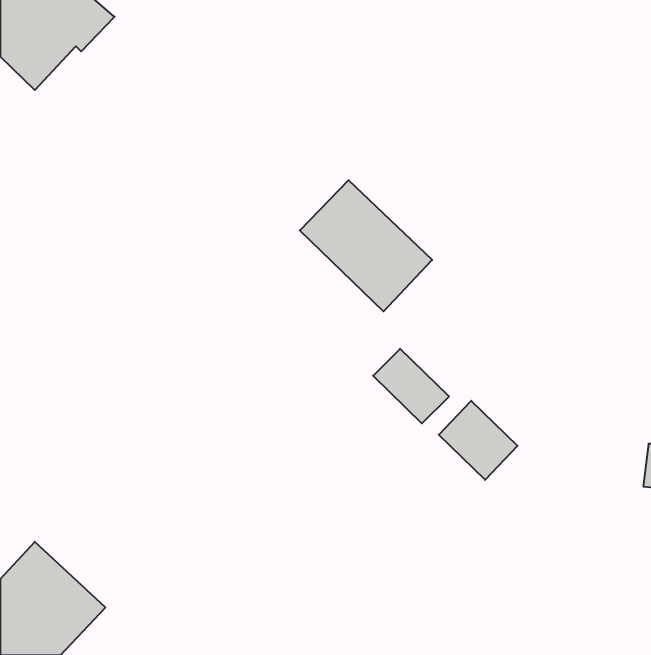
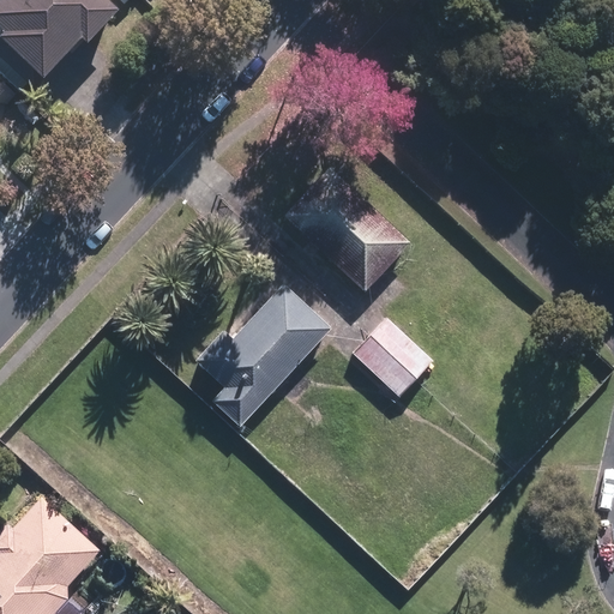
building: none -> [193,284,330,426]
building: [439,401,518,480] -> none

